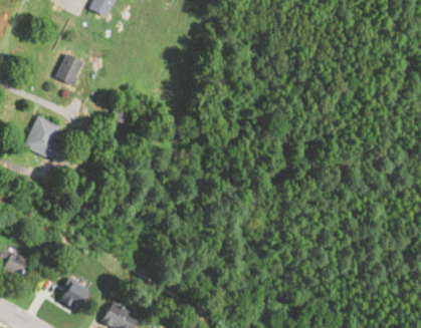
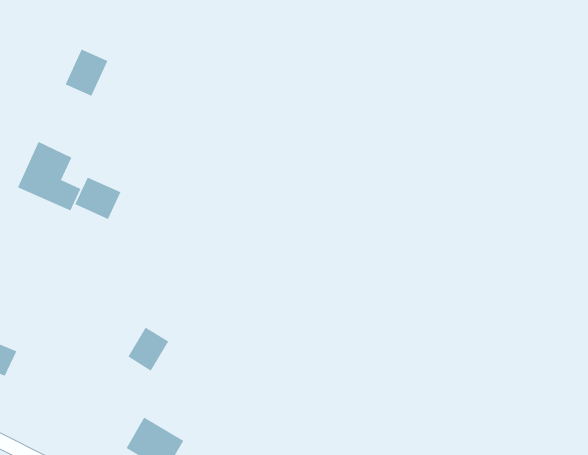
building: none -> [74,177,121,220]
building: [56,281,84,311] -> [127,327,169,371]

